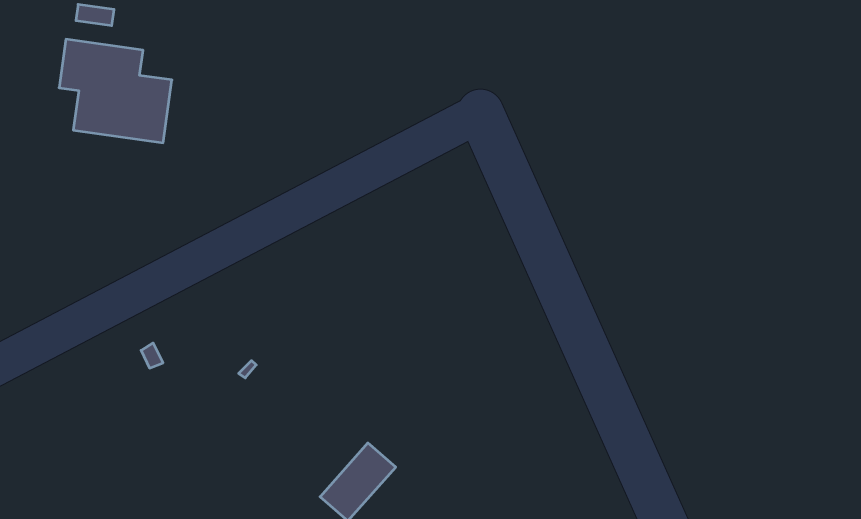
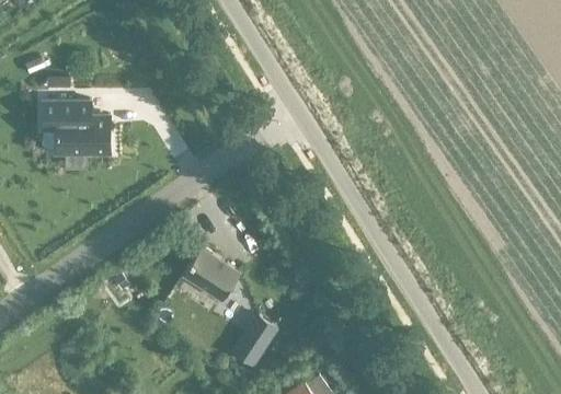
building: none -> [182,246,240,301]

